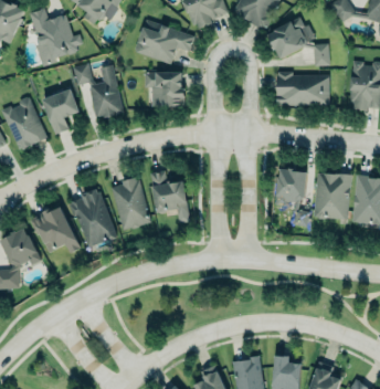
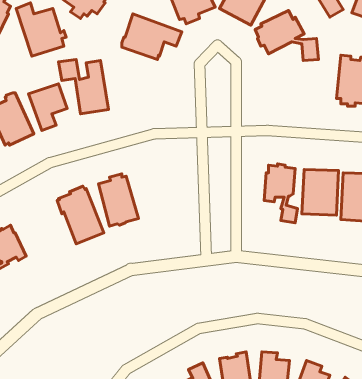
building: [144,72,183,107] -> none
building: [276,72,329,105] -> none
building: [151,171,189,222] -> none
building: [32,206,81,254] -> none

